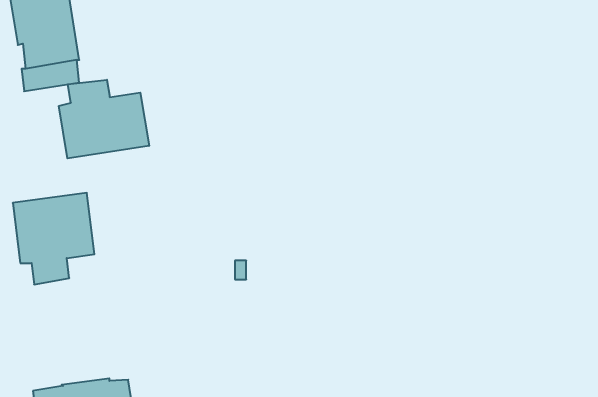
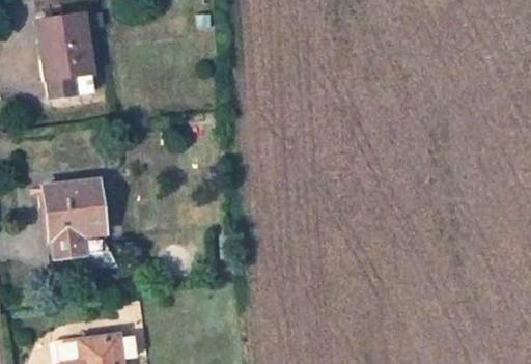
building: [59,80,149,158] -> none

